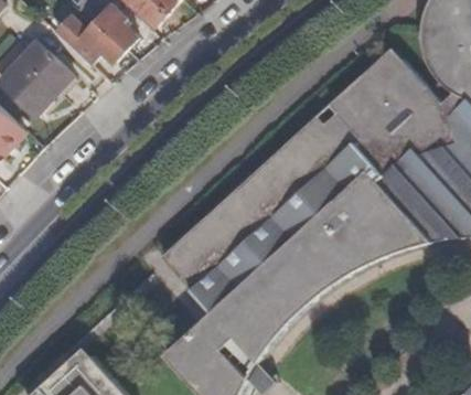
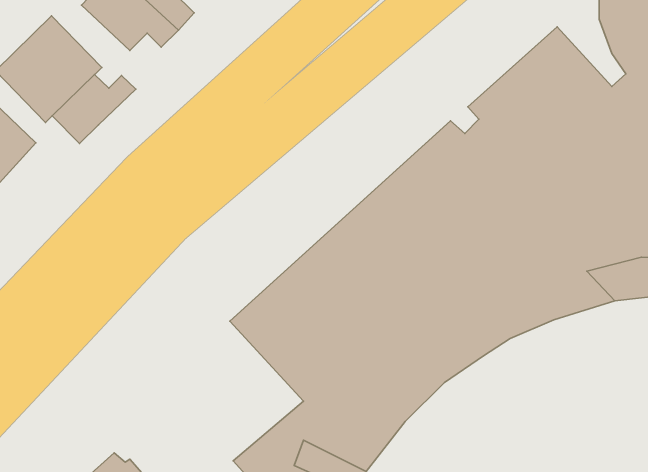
building: none -> [52,75,136,143]

